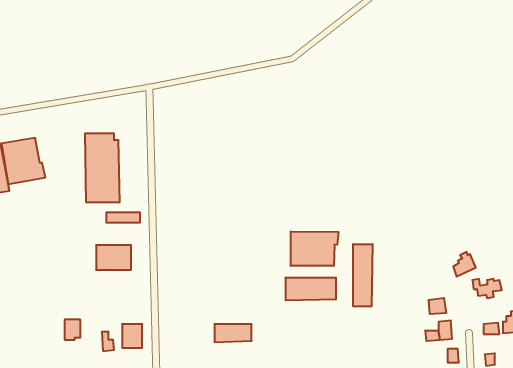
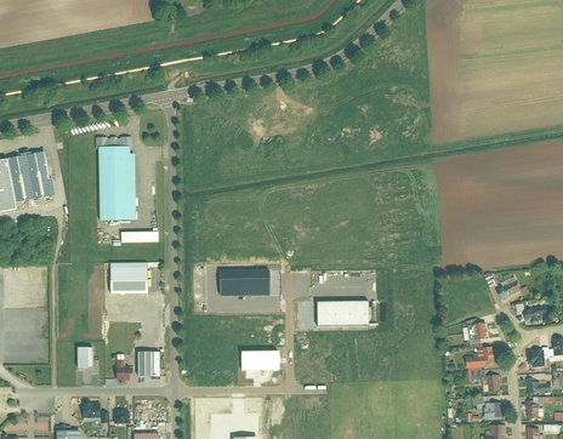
building: [291,231,338,266] -> none
building: [353,244,373,306] -> none
building: none -> [216,269,266,295]

